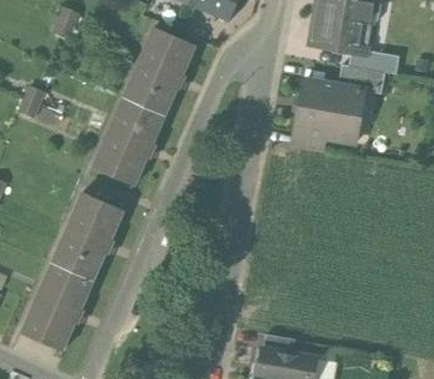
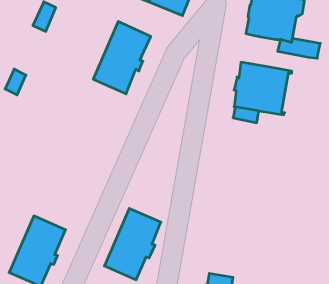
building: [338,64,385,94] -> none
building: [94,98,164,185] -> none
building: [53,194,121,281] -> [104,208,161,280]

